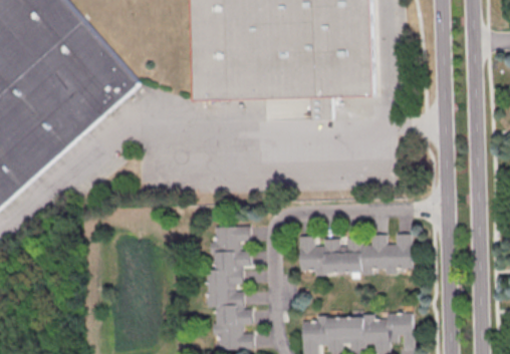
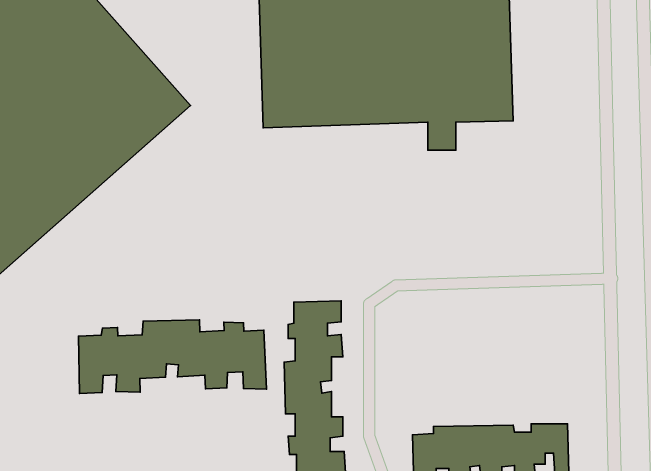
building: [297,234,411,275] -> none
building: none -> [78,320,266,393]

